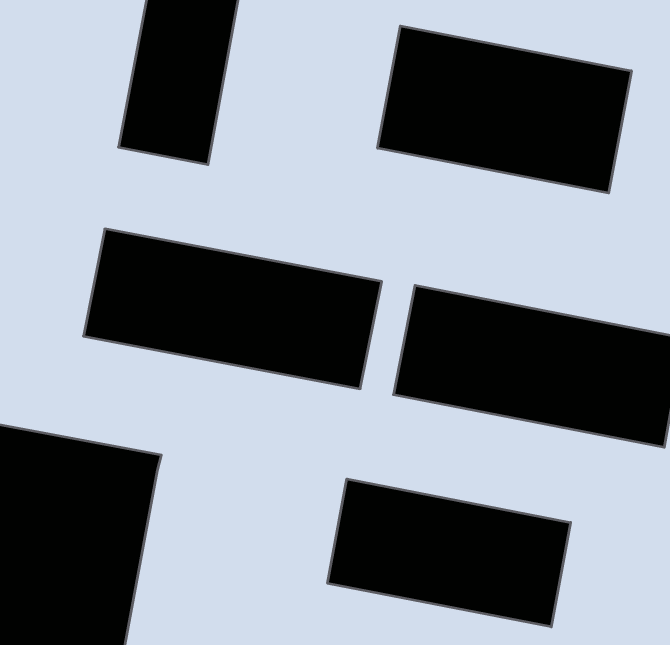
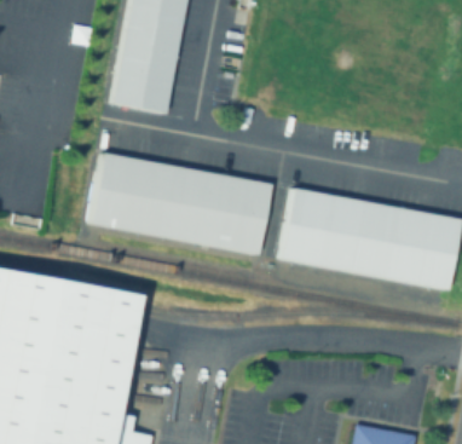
building: [378,26,631,193] -> none
building: [328,479,571,627] -> none

